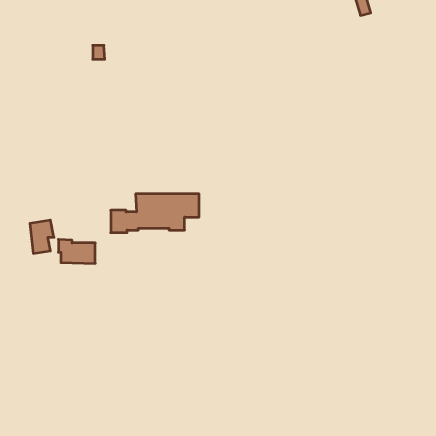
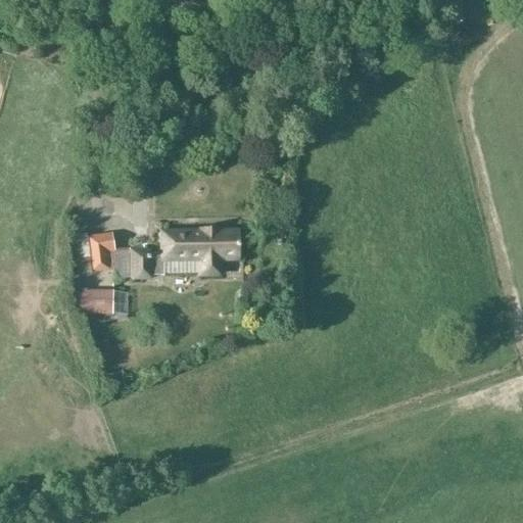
building: [30,220,54,253] -> [89,231,117,271]

